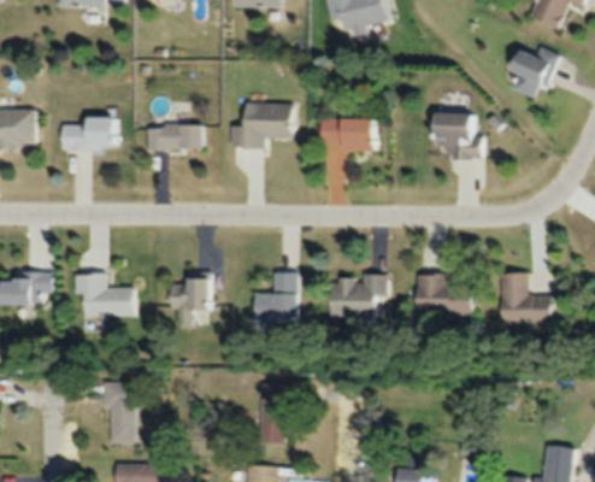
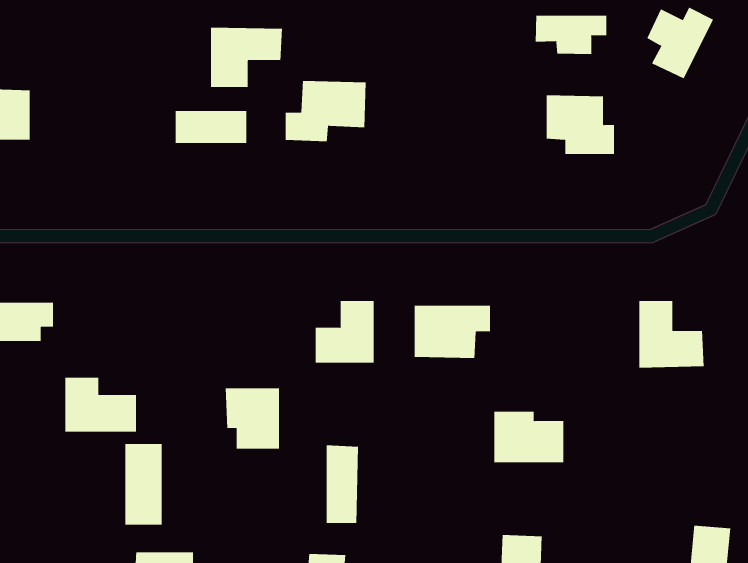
building: none -> [535,15,607,55]
building: none -> [211,27,282,88]
building: [60,118,117,149] -> none
building: [319,118,372,151] -> none
building: [79,272,135,315] -> [64,377,137,432]
building: [417,274,471,313] -> [494,411,564,463]
building: [169,277,211,324] -> [225,388,280,449]

